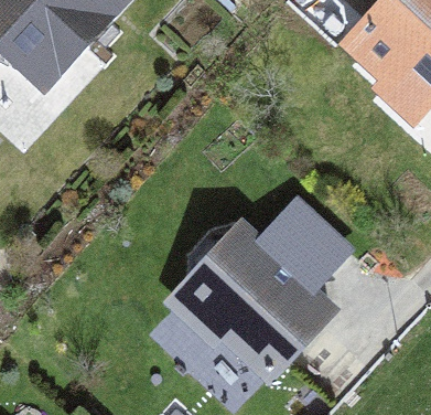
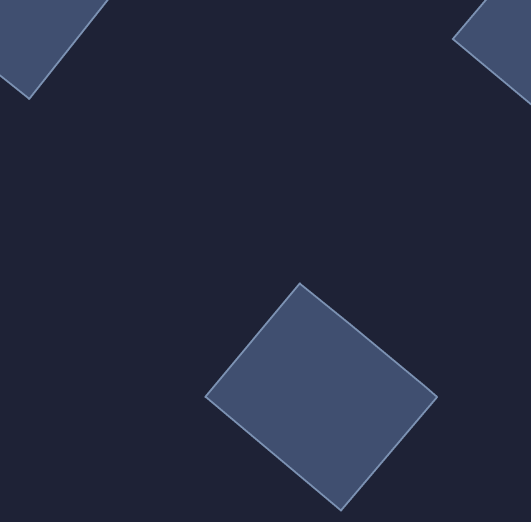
building: [270,202,355,288] -> none

